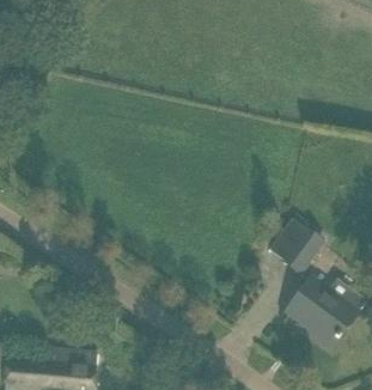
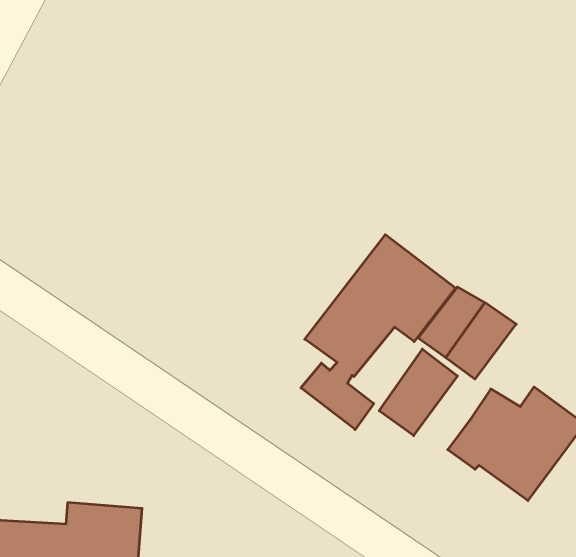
building: none -> [301,235,456,430]
building: none -> [379,349,457,436]

